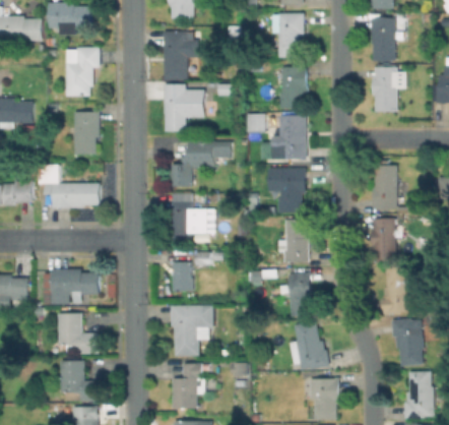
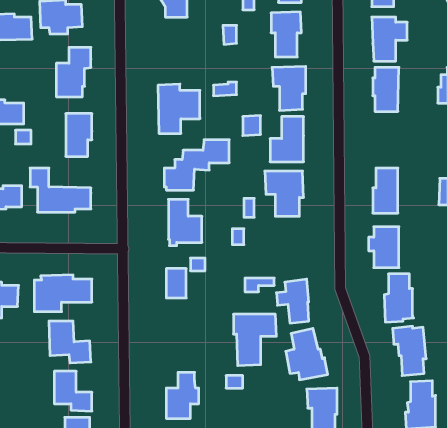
building: [163,32,198,79] -> none
building: [277,220,309,262] -> none
building: [171,306,212,356] -> [233,314,276,366]

